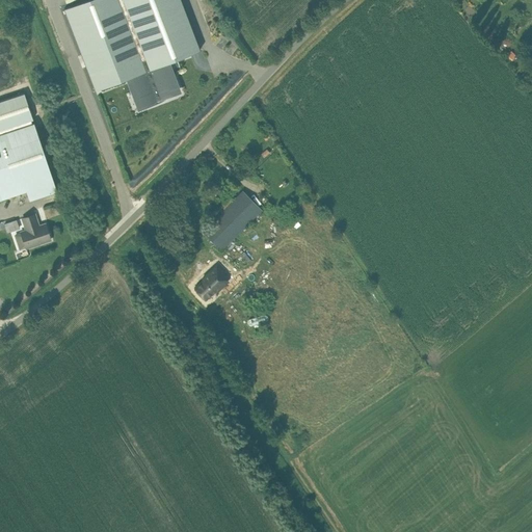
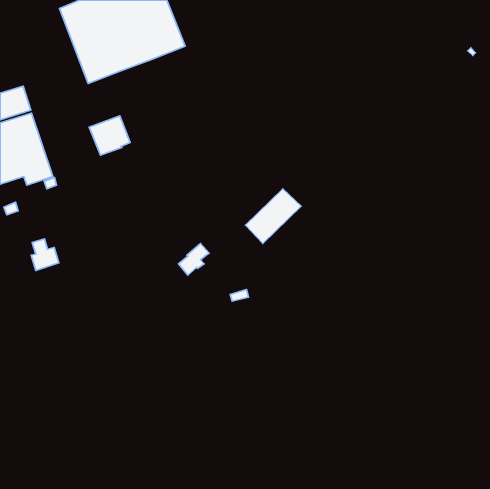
building: [131,65,176,108] -> [89,116,130,155]
building: [203,192,263,251] -> [246,189,301,243]
building: [21,215,51,249] -> [31,239,59,270]

